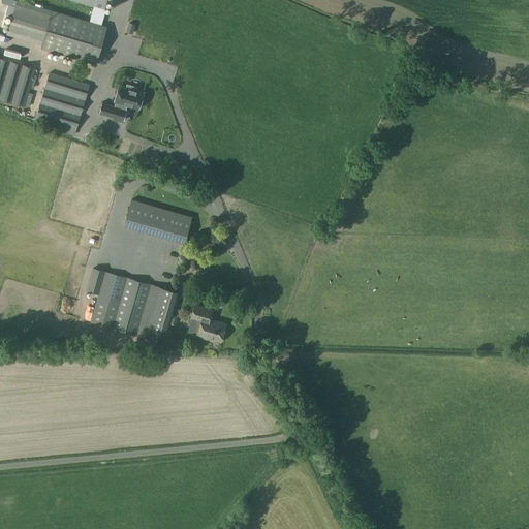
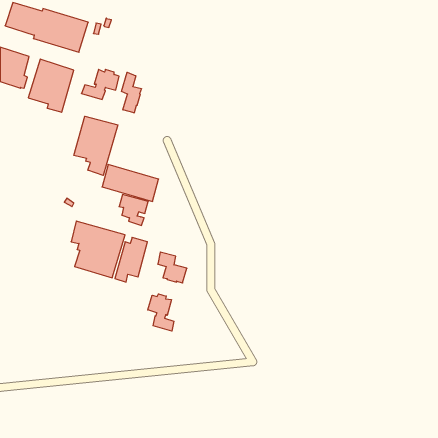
building: none -> [121,72,141,113]
building: none -> [74,116,118,175]
building: none -> [148,294,174,331]

